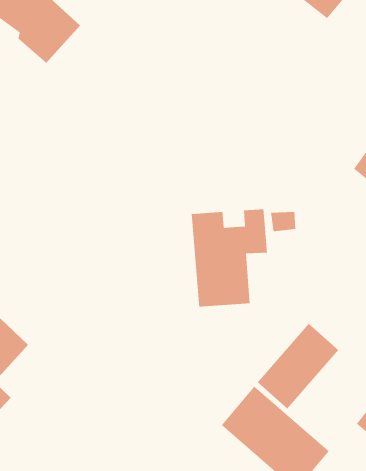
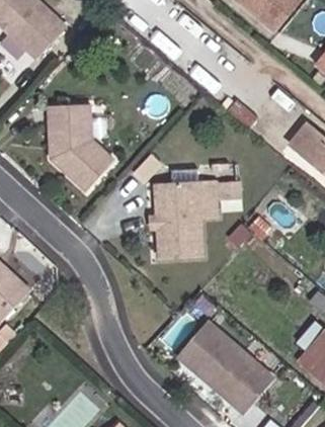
building: none -> [48,99,113,189]
building: [257,323,339,409] -> none

